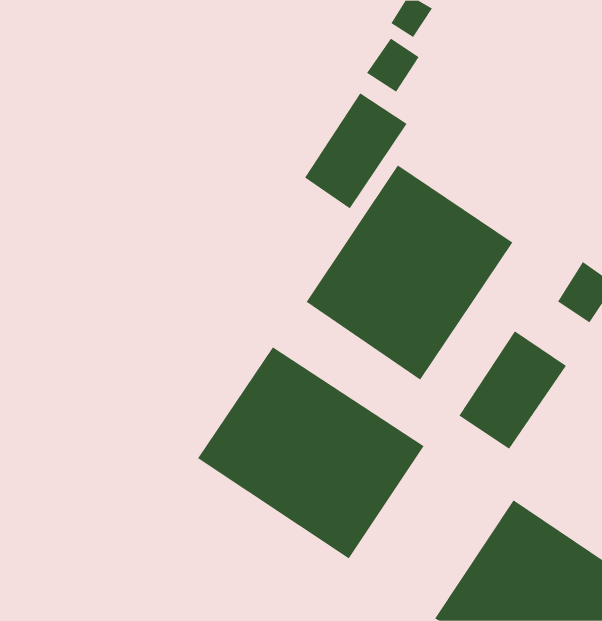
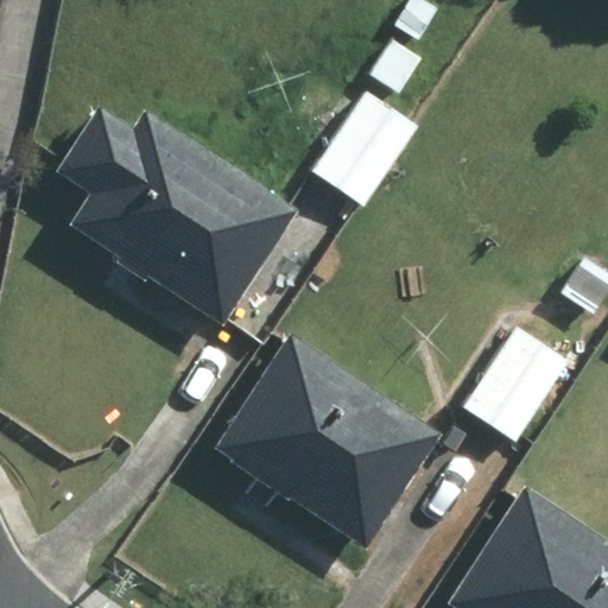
building: none -> [51,109,286,323]
building: [306,165,513,380] -> none

